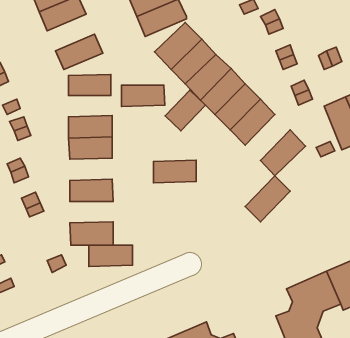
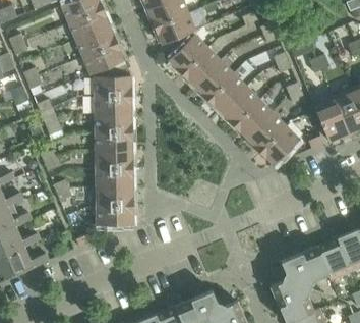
building: none -> [75,25,116,57]
building: [121,85,165,106] -> [94,96,131,114]
building: [165,90,205,131] -> none
building: [154,160,196,183] -> [95,150,131,169]
building: [245,176,290,222] -> [246,112,285,152]
building: [89,245,133,266] -> [95,187,132,206]

